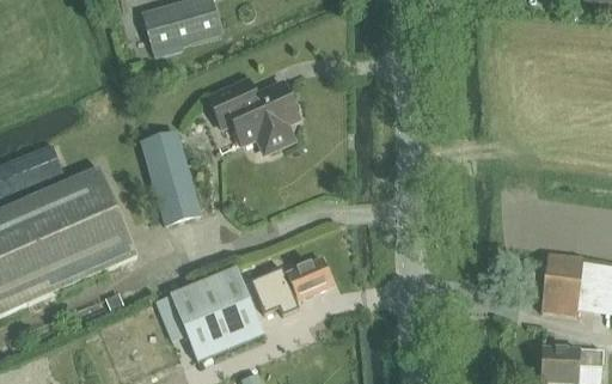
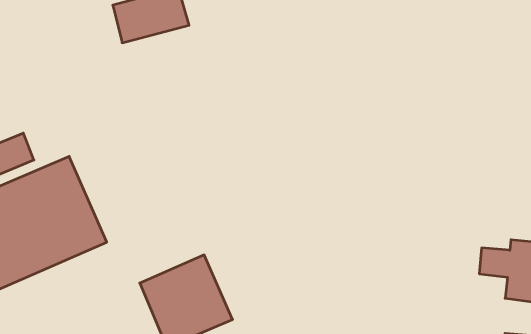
building: [208,83,298,152] -> none
building: [141,132,200,225] -> none
building: [247,260,332,309] -> none

